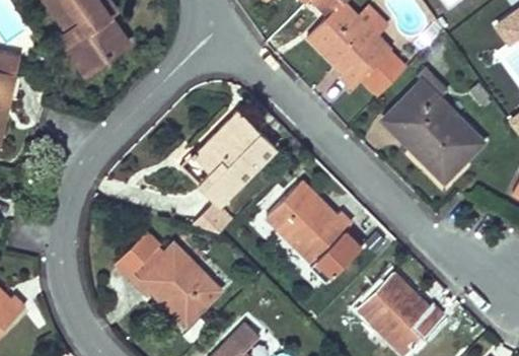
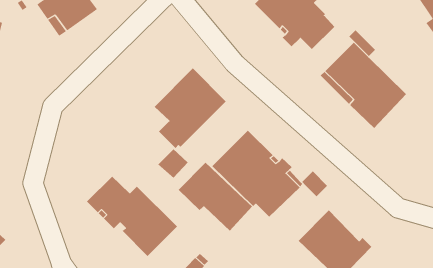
building: none -> [178,162,253,232]

